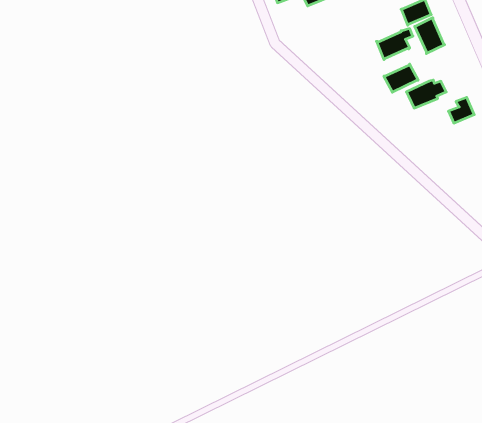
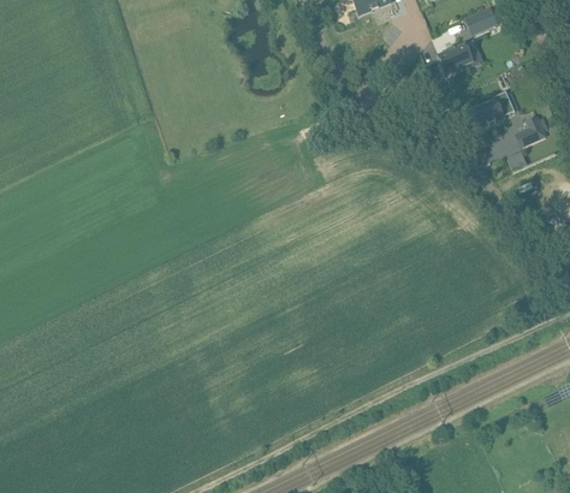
building: [415,18,445,54] -> none
building: [384,64,418,92] -> none

